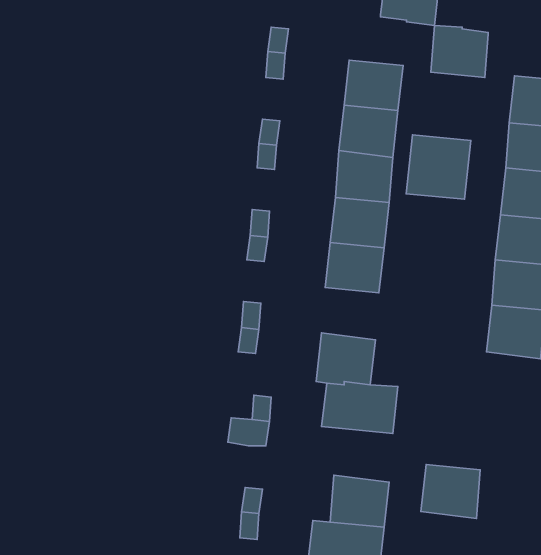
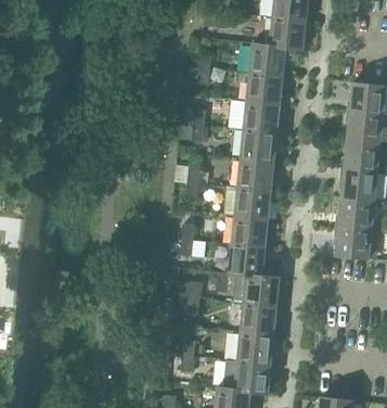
building: [431,25,488,78] -> [248,43,284,76]
building: [406,135,471,199] -> none
building: none -> [231,215,267,247]
building: [421,465,480,518] -> [238,303,275,336]

